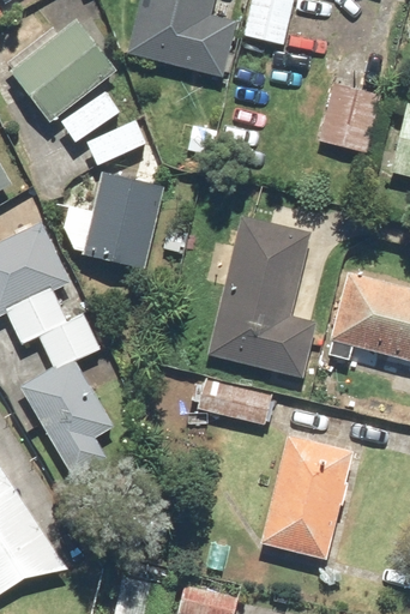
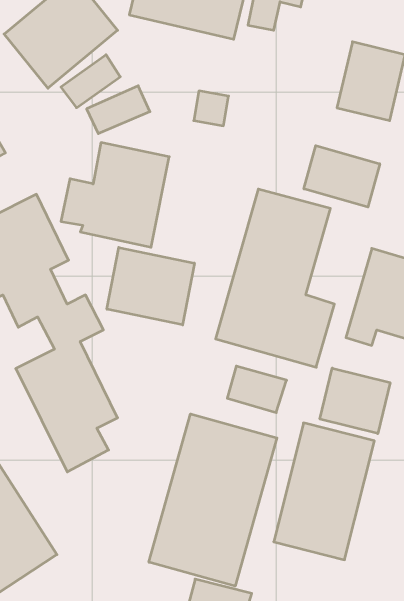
building: none -> [304,146,380,207]
building: none -> [107,247,194,325]
building: none -> [320,368,390,434]
building: none -> [149,414,277,586]

